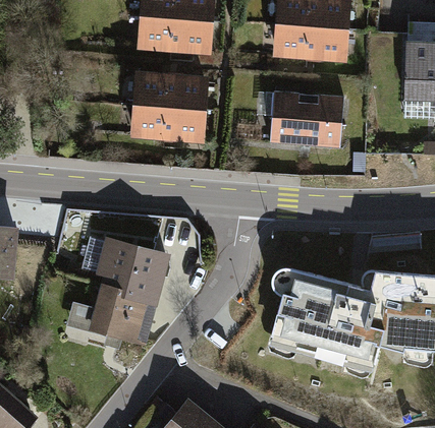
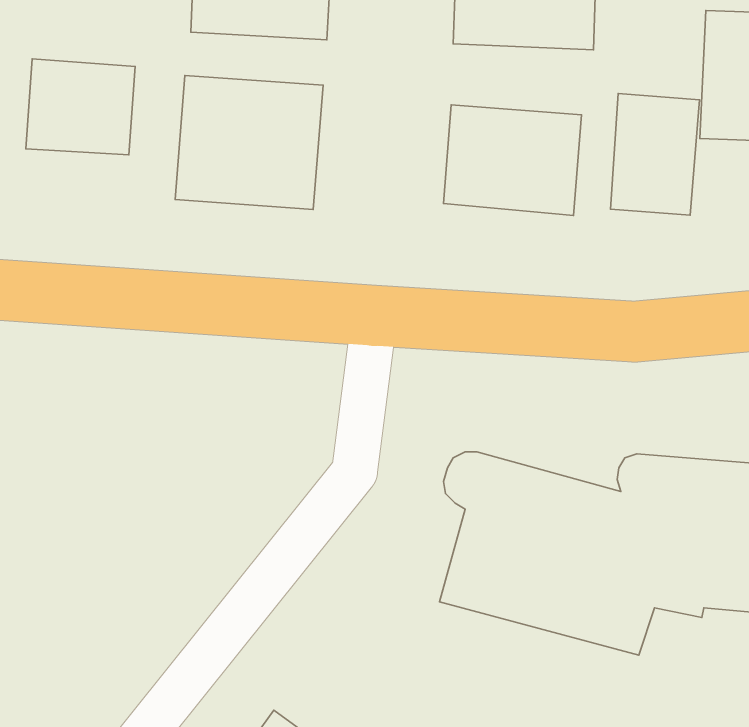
building: none -> [26,59,135,155]
building: none -> [611,93,699,215]
building: [88,244,167,344] -> none

